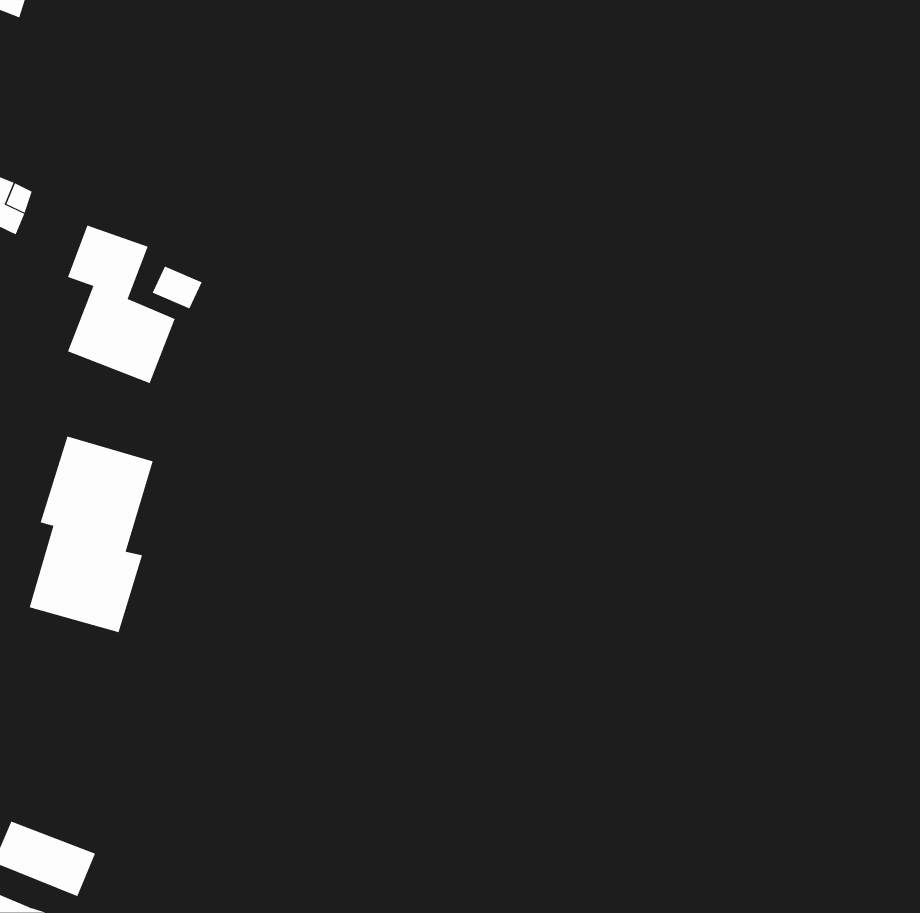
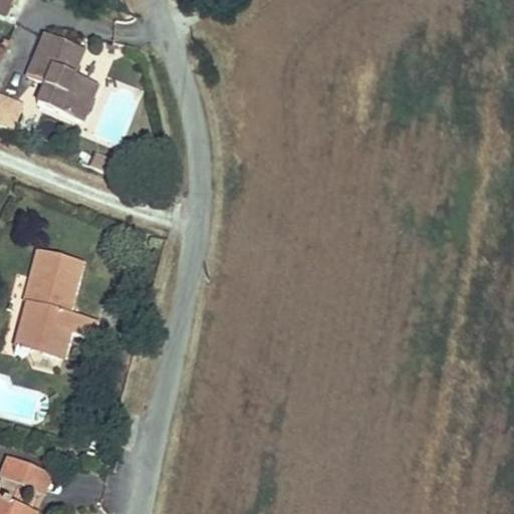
building: [67,225,176,384] -> [36,34,96,122]

